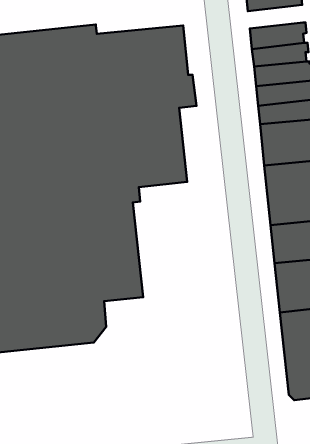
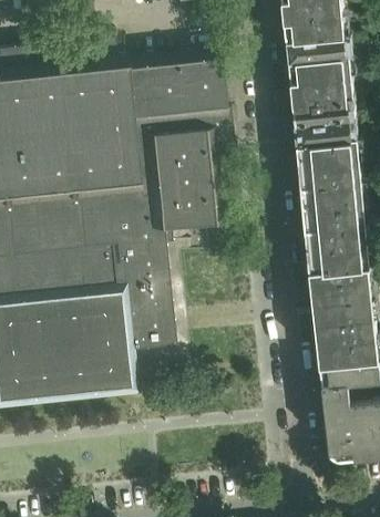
building: none -> [285,33,345,59]

